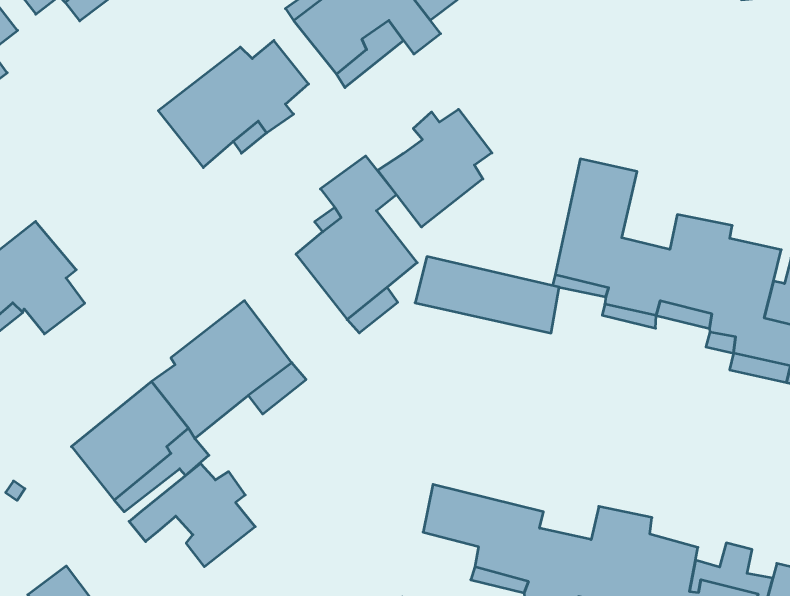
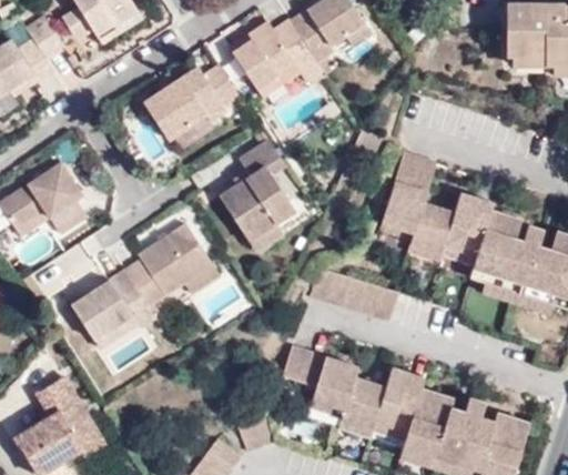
building: [378,109,492,227] -> none
building: [415,257,559,333] -> [308,270,398,324]
building: [129,463,255,567] -> none

